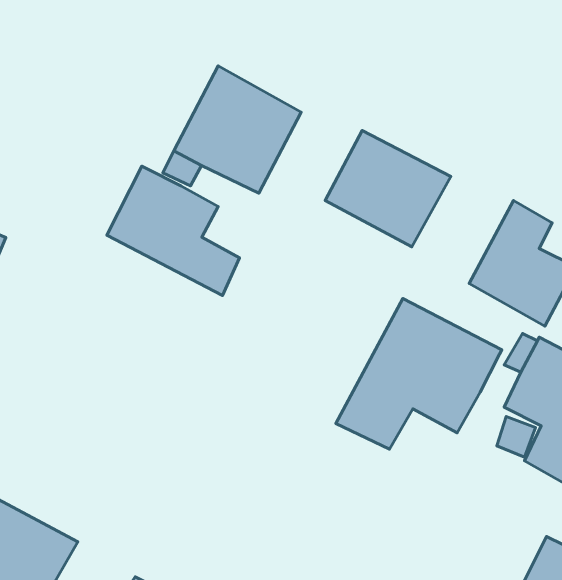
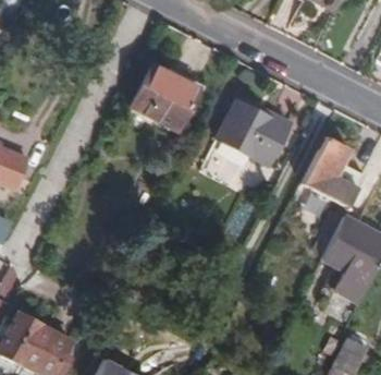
building: [107,166,239,295] -> none
building: [336,298,502,449] -> none

